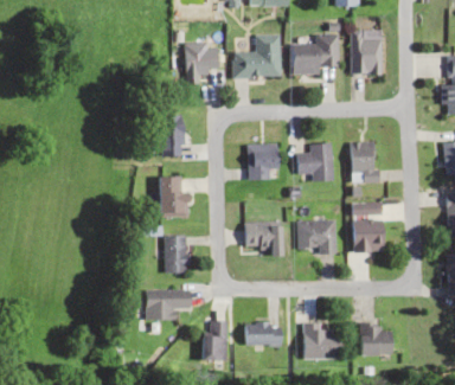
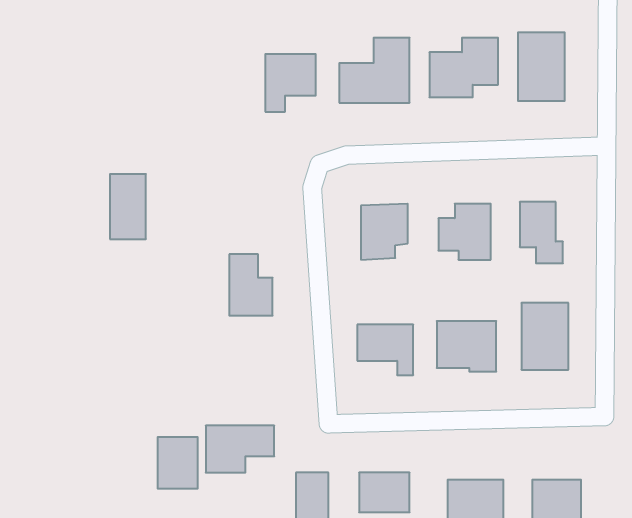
building: [161,114,185,156] -> [110,174,146,239]
building: [165,236,187,274] -> none
building: none -> [158,437,198,489]

